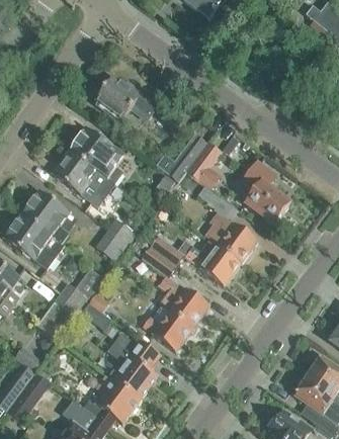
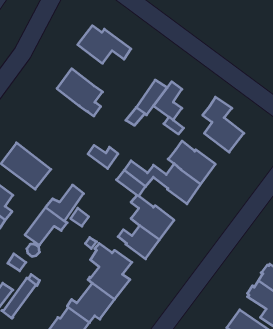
building: [54,150,107,206] -> none
building: [22,189,70,242] -> none
building: [94,227,131,261] -> none

